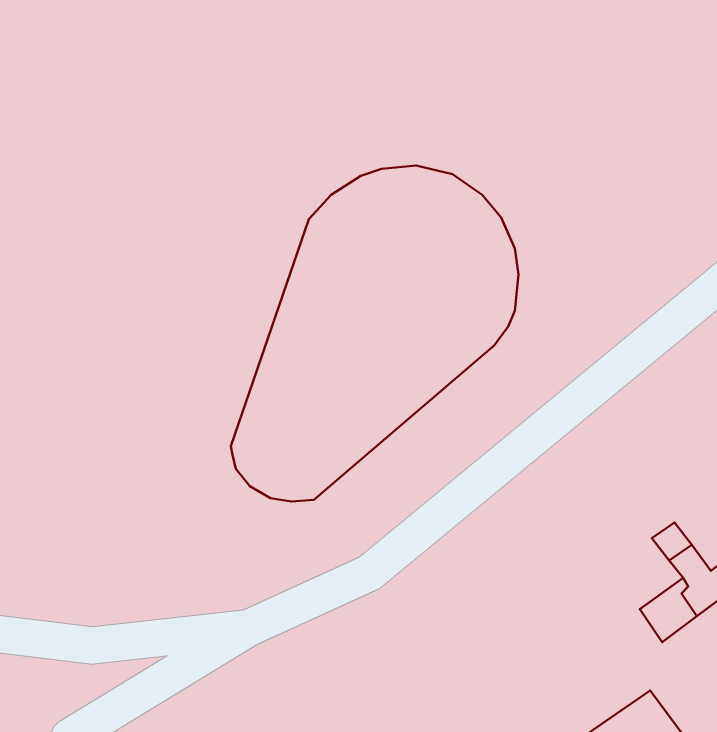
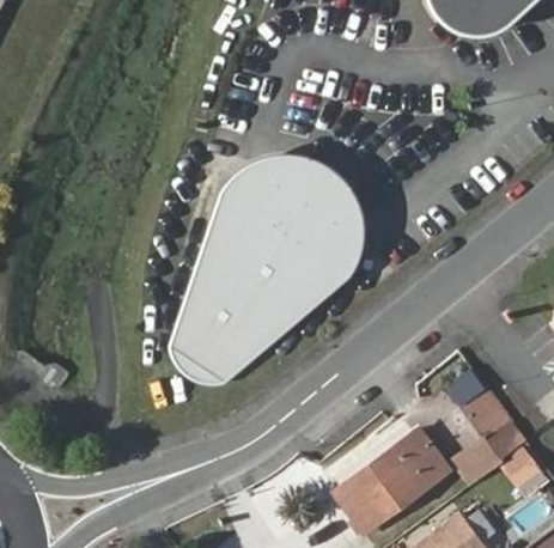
building: none -> [335,431,446,534]

